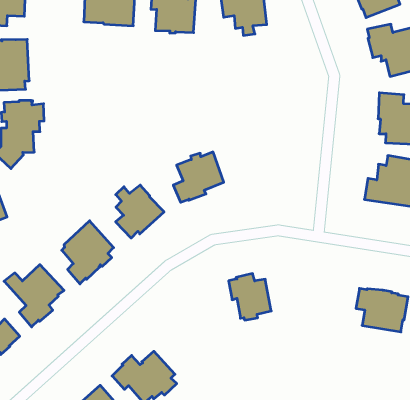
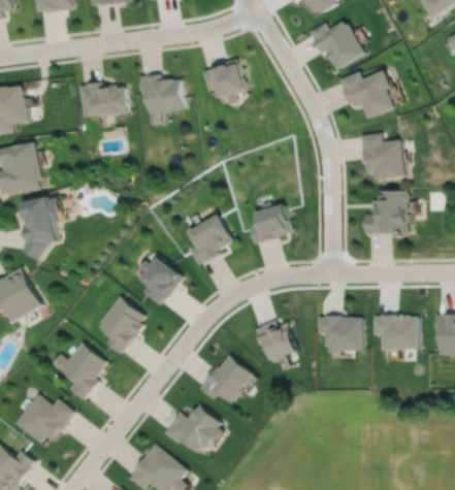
building: none -> [249,202,295,244]
building: none -> [316,314,362,351]
building: none -> [199,355,253,402]

